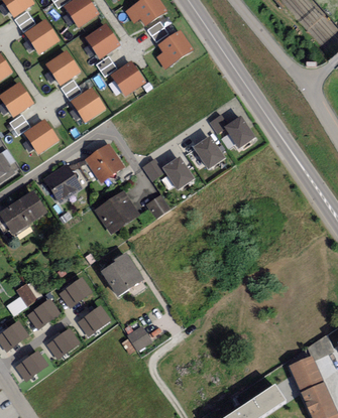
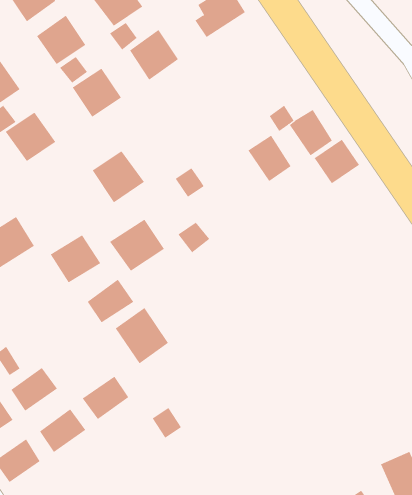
building: none -> [314,139,360,184]
building: [162,155,195,189] -> none
building: [42,167,79,201] -> [50,235,101,283]
building: [60,276,93,307] -> [87,279,134,323]

